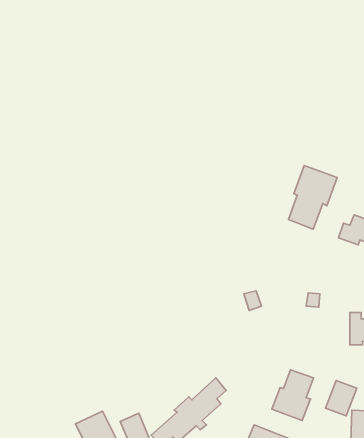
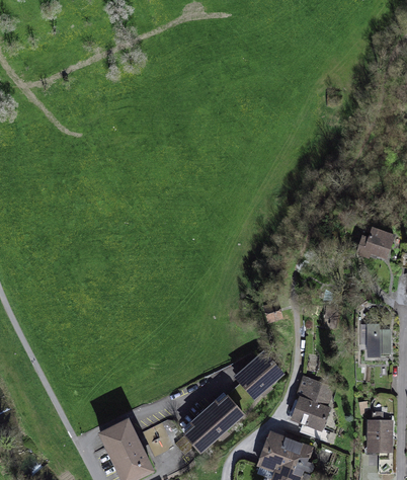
building: [289,165,337,229] -> none
building: none -> [236,352,281,400]
building: [325,381,357,416] -> none

